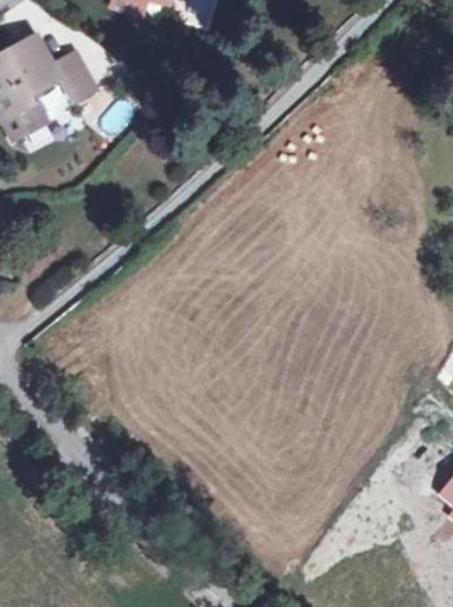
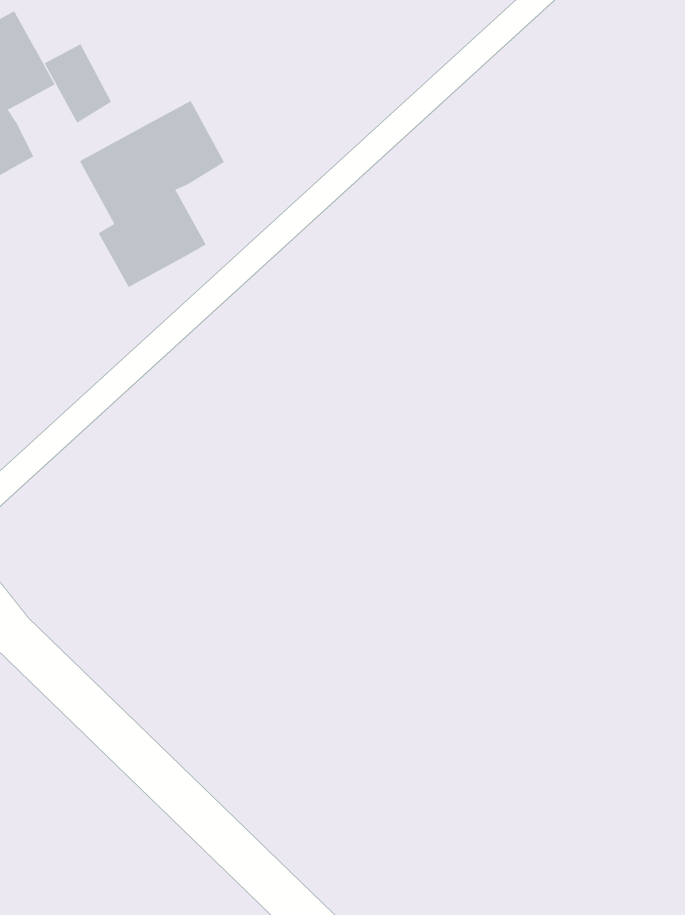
building: none -> [79,100,225,288]

